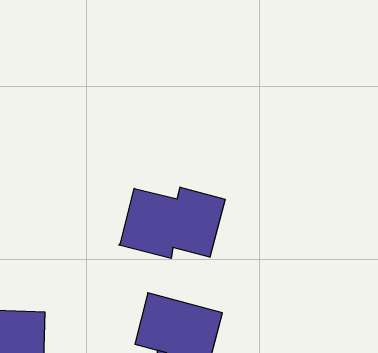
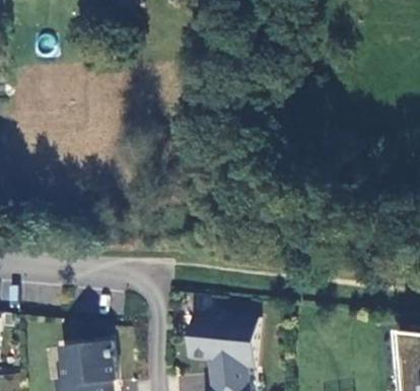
building: [119,187,225,258] -> none

